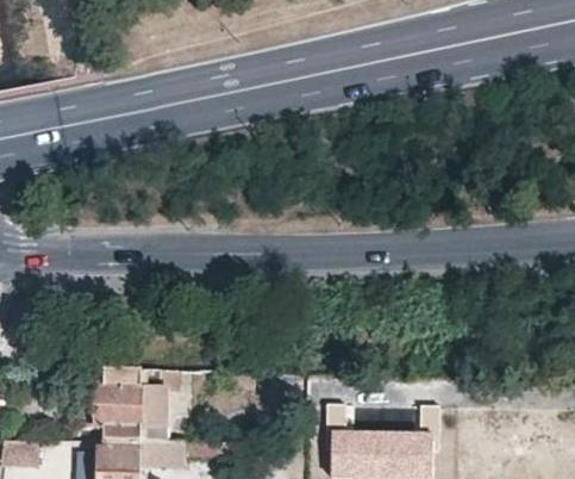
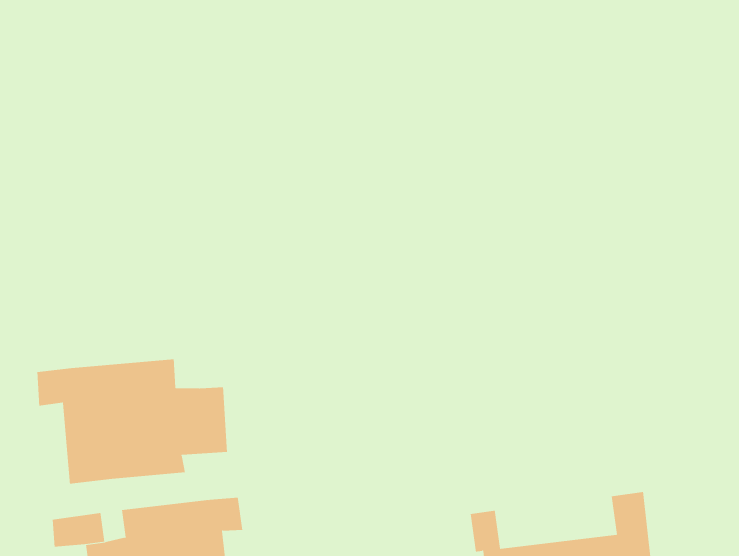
building: none -> [37,358,227,484]

